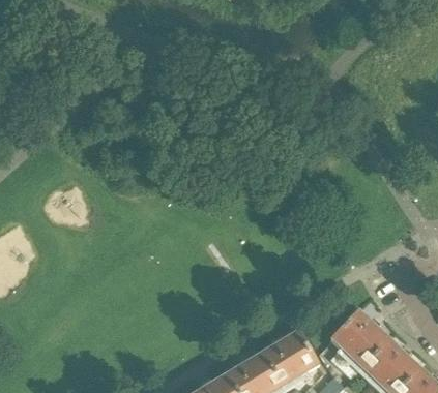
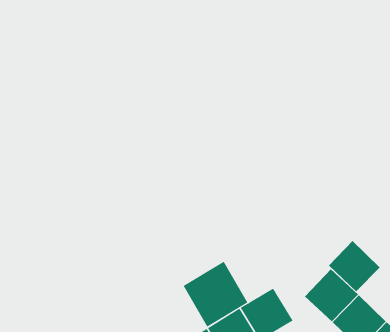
building: none -> [328,240,381,292]
building: none -> [183,261,248,327]

